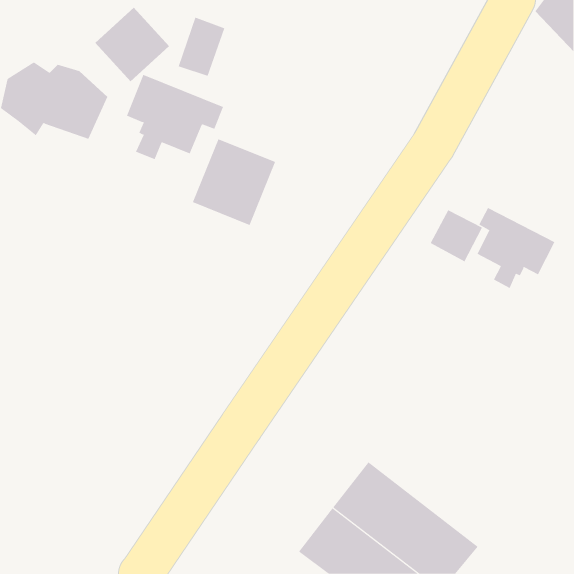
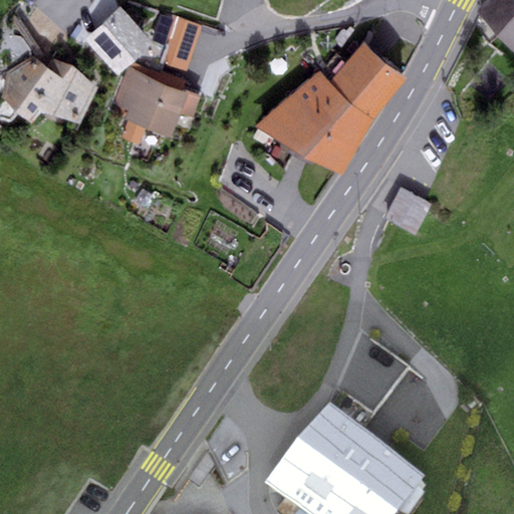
building: none -> [255,40,407,175]
building: [192,138,276,226] -> none
building: [477,207,555,289] -> none

